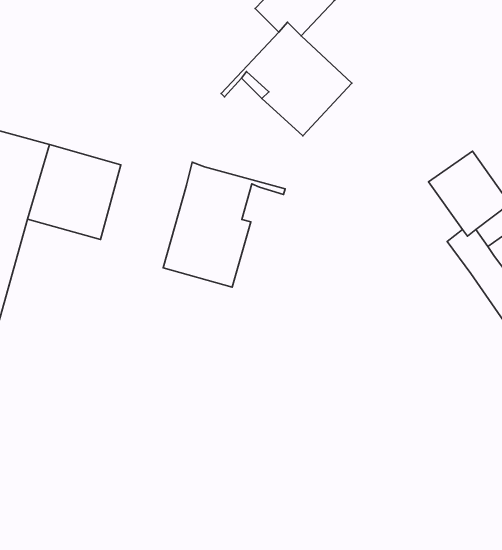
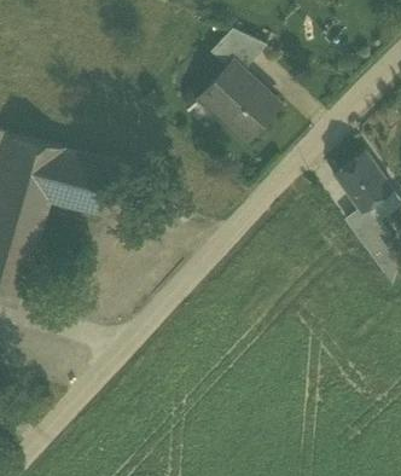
building: [163,162,285,287] -> none

